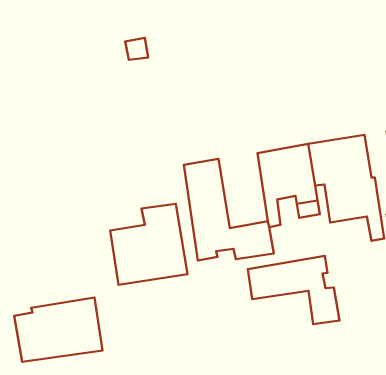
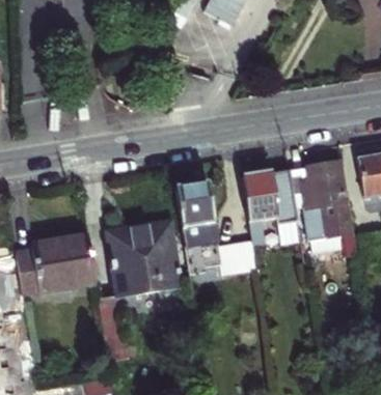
building: [248,256,339,324] -> none
building: [14,297,103,362] -> [16,235,96,293]

